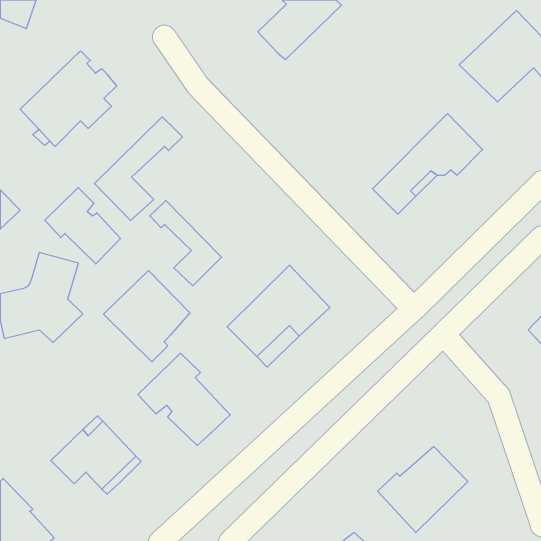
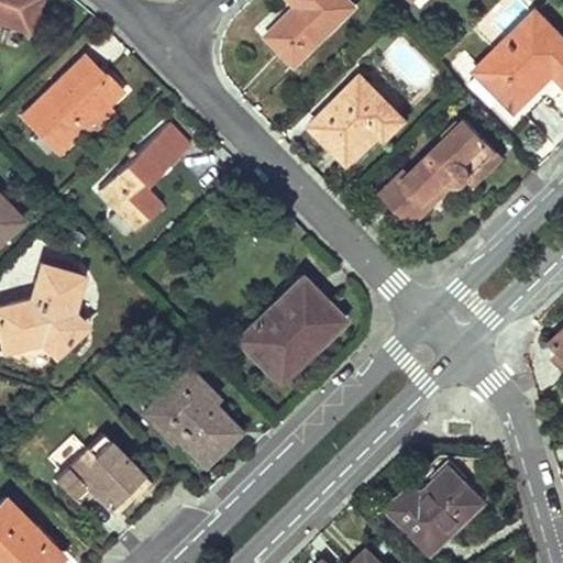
building: none -> [312,76,402,159]
building: [45,187,121,264] -> none
building: [150,200,222,286] -> none
building: [103,271,190,362] -> none

